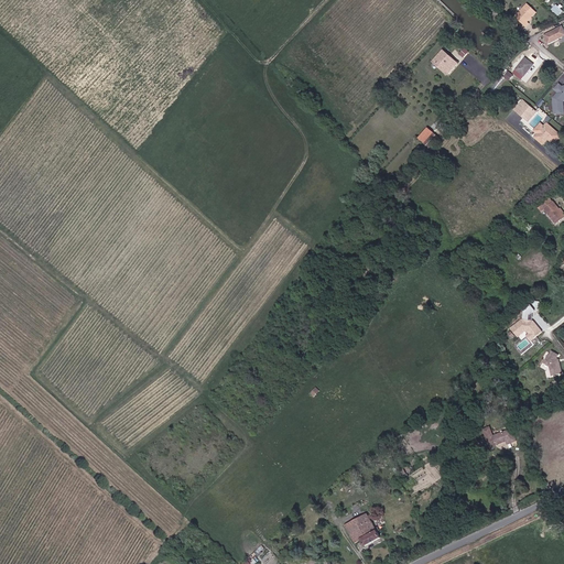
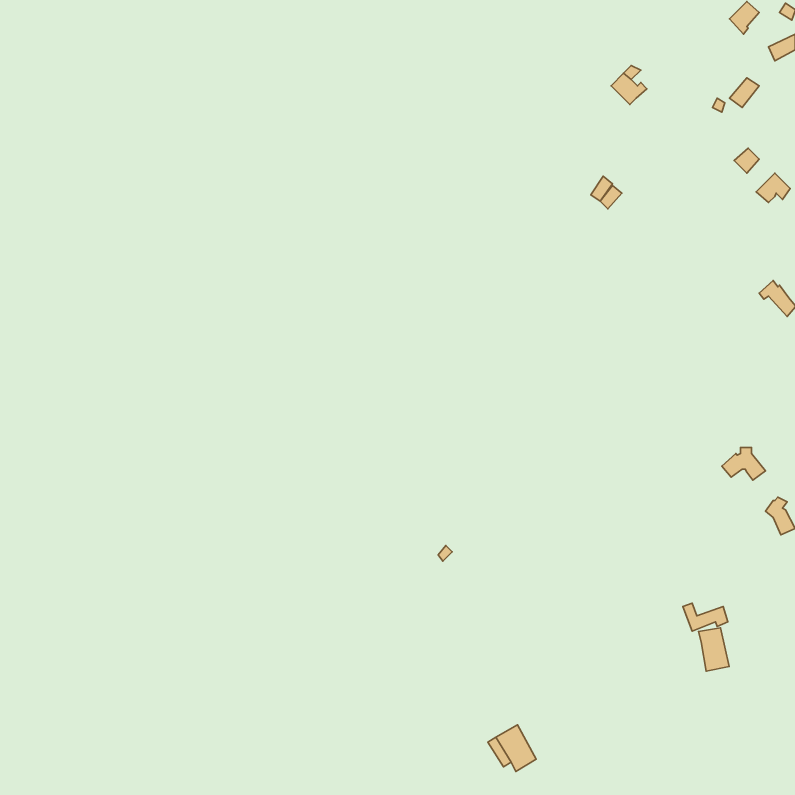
building: none -> [699,628,729,671]

